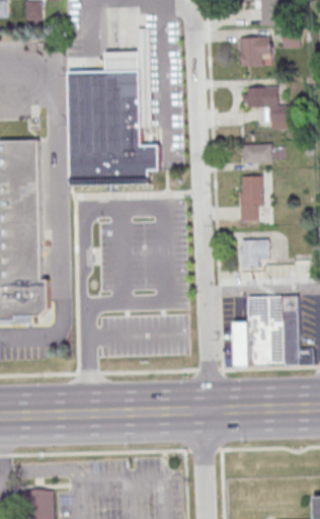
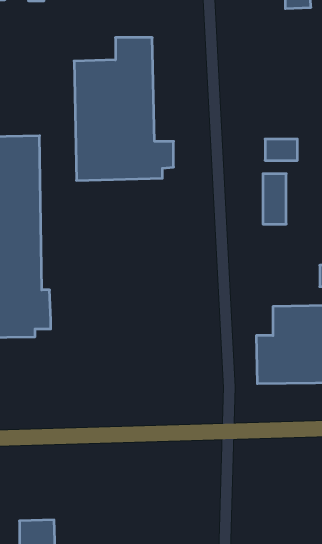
building: [240,35,270,65] -> none
building: [243,85,288,129] -> none
building: [239,239,268,267] -> none

